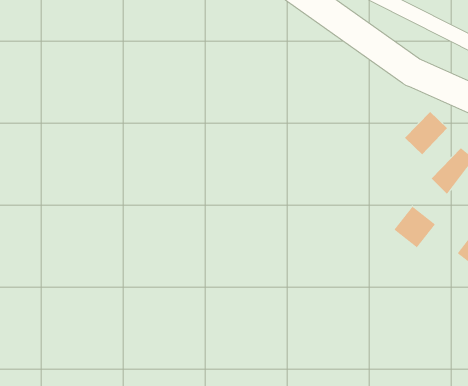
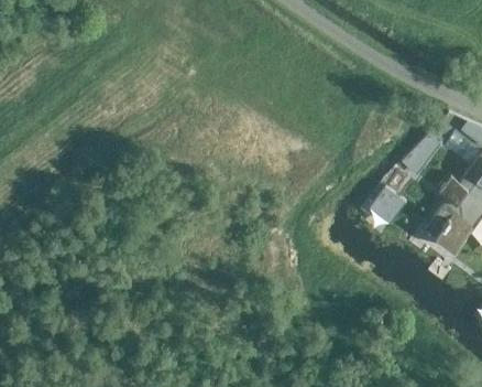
building: [404,111,448,155] -> none

